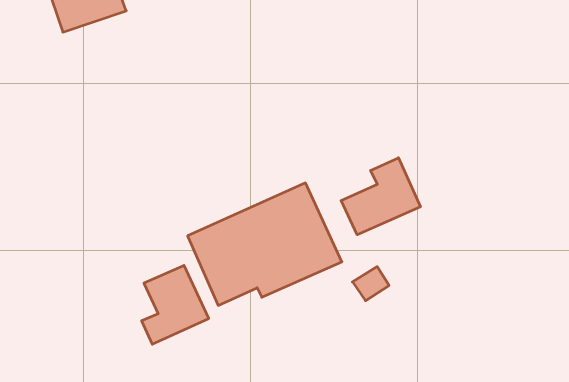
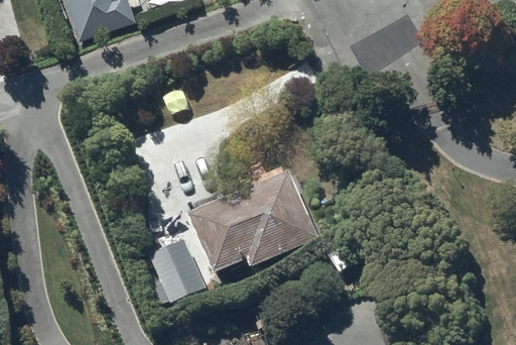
building: [341,158,420,235] -> none

